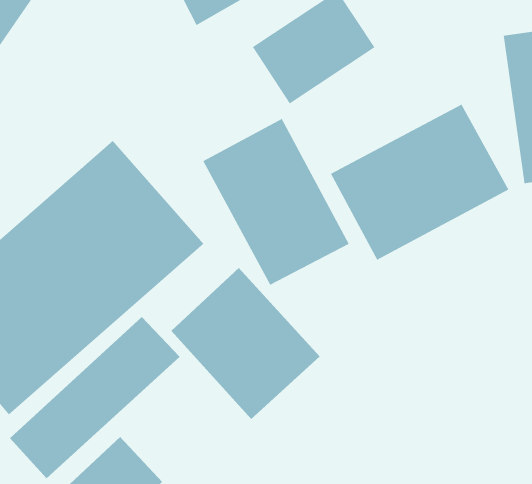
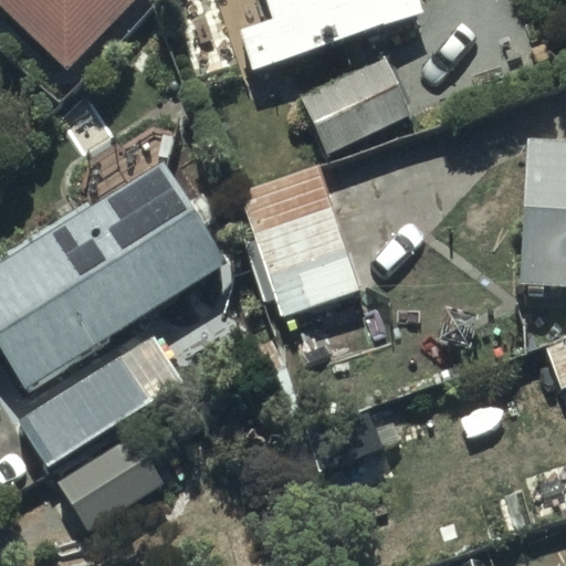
building: [330,103,510,261] -> none
building: [170,267,320,420] -> none

